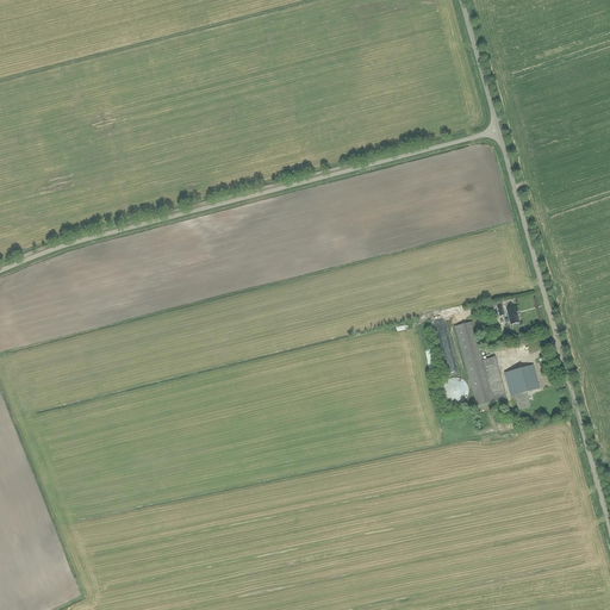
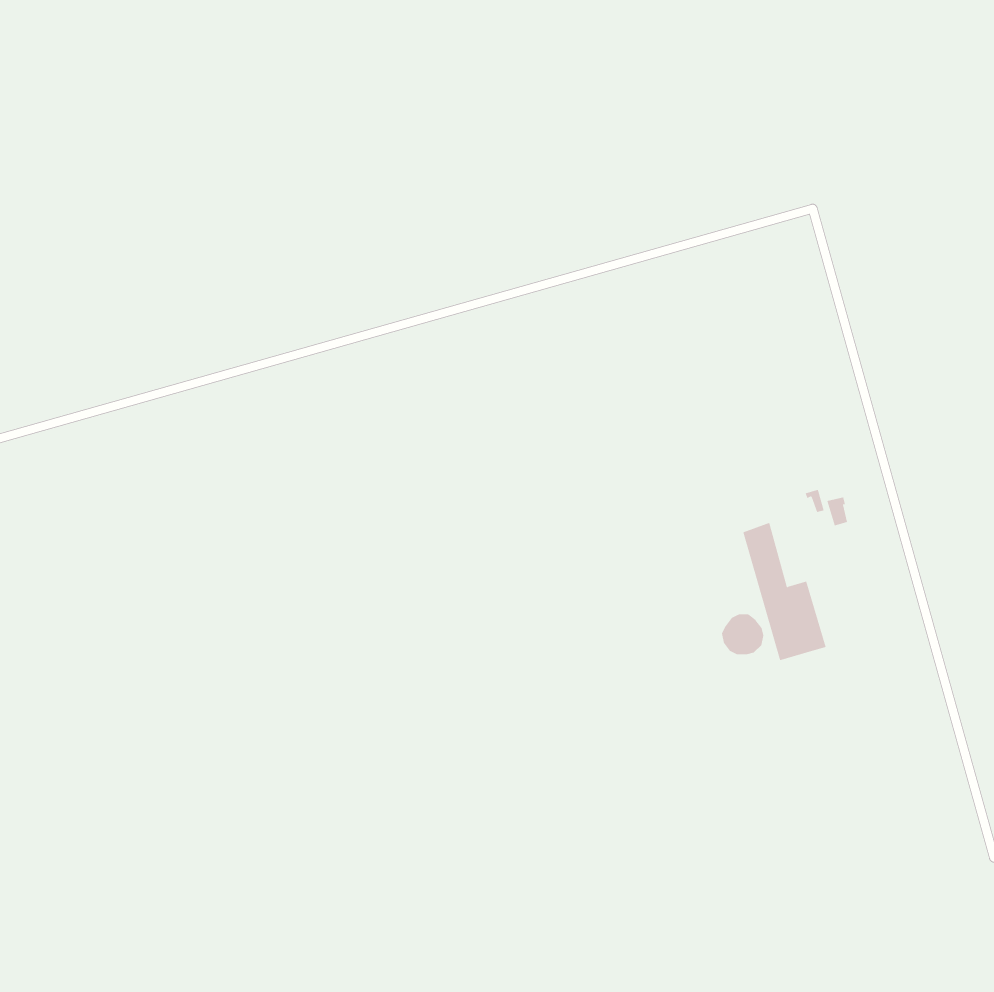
building: [503,362,539,407] -> none

